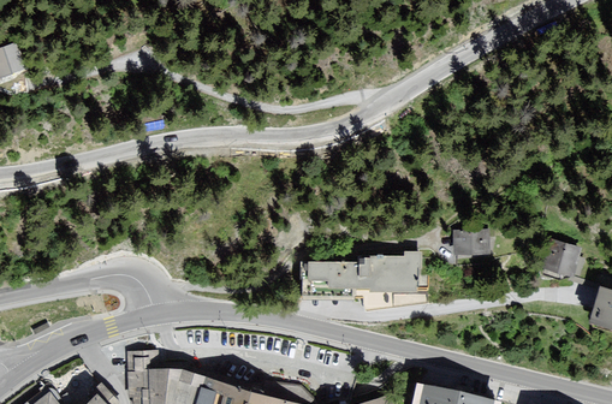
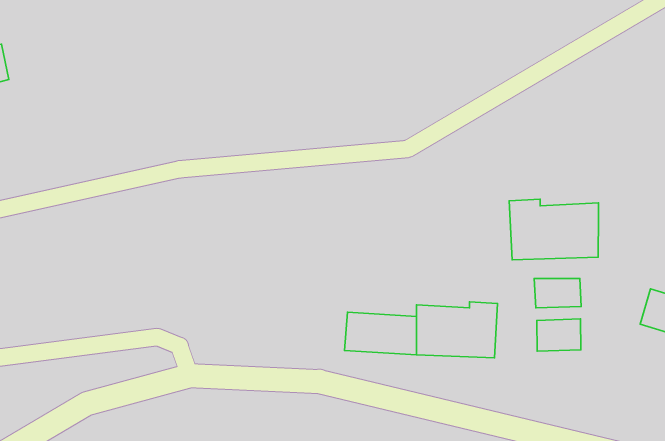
building: none -> [509,199,599,260]
building: none -> [537,319,581,351]

